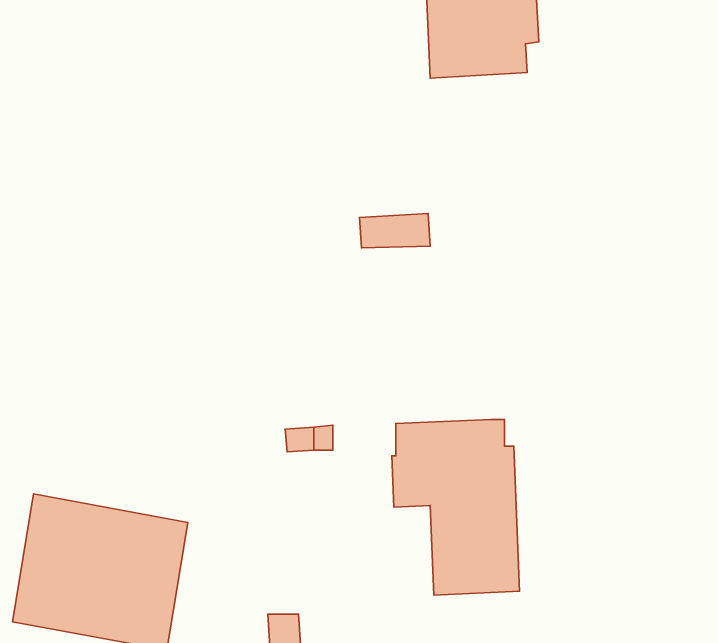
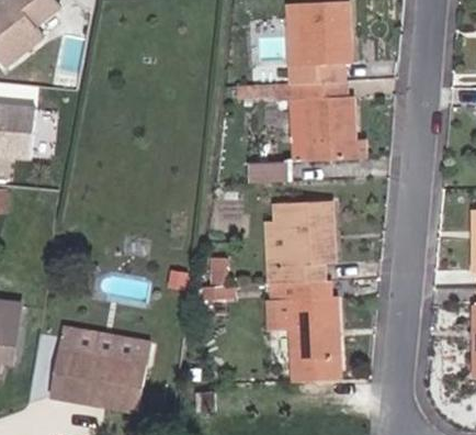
building: none -> [276,80,356,160]
building: none -> [267,200,336,282]

